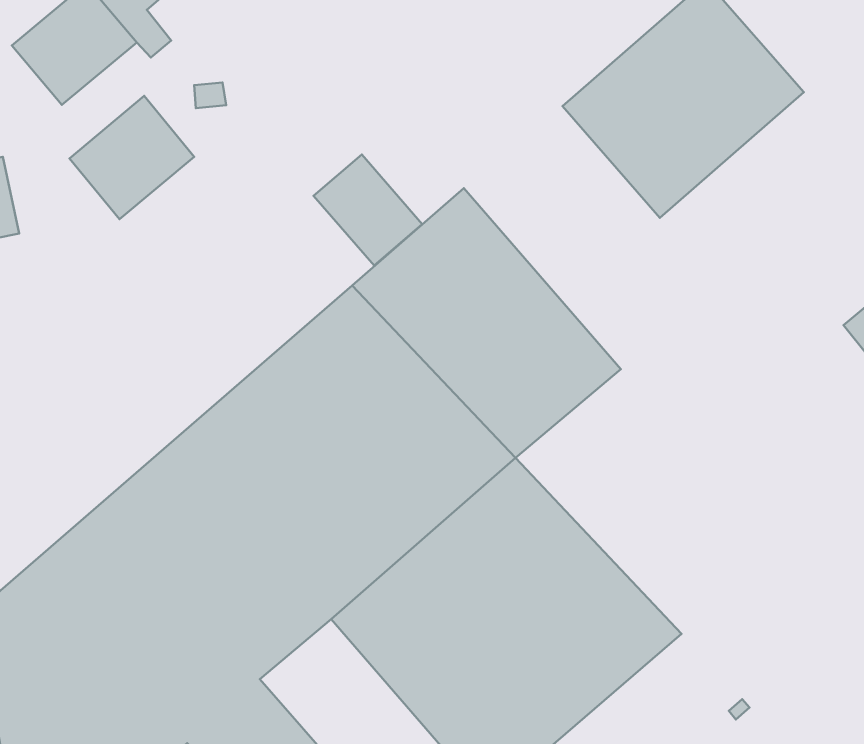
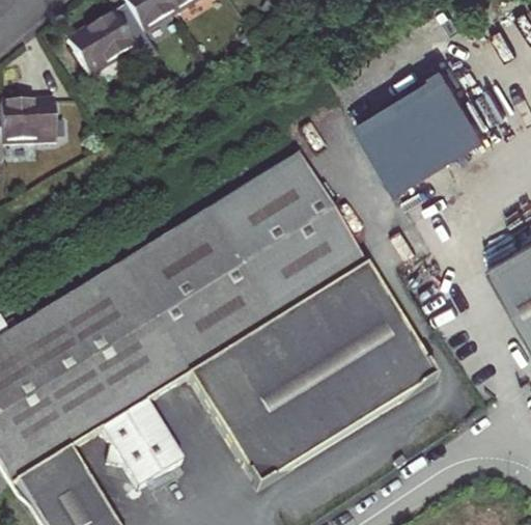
building: [69,96,194,219] -> none
building: [314,155,422,266] -> none
building: none -> [303,262,436,410]

